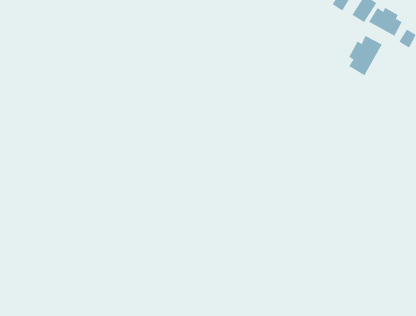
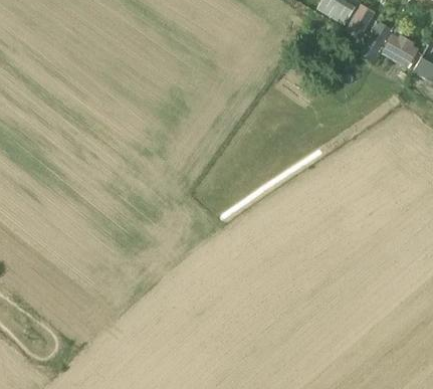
building: [348,35,382,76] -> none

